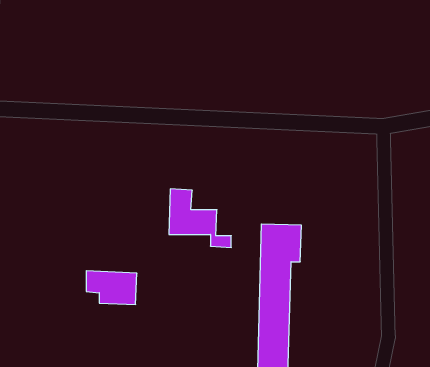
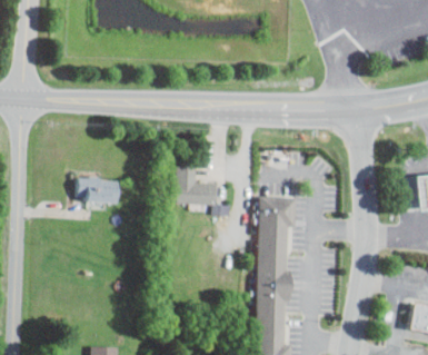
building: [86,271,137,304] -> [79,178,122,207]

